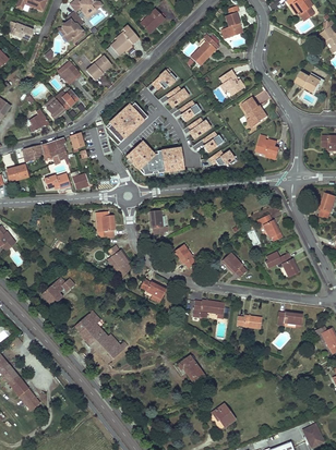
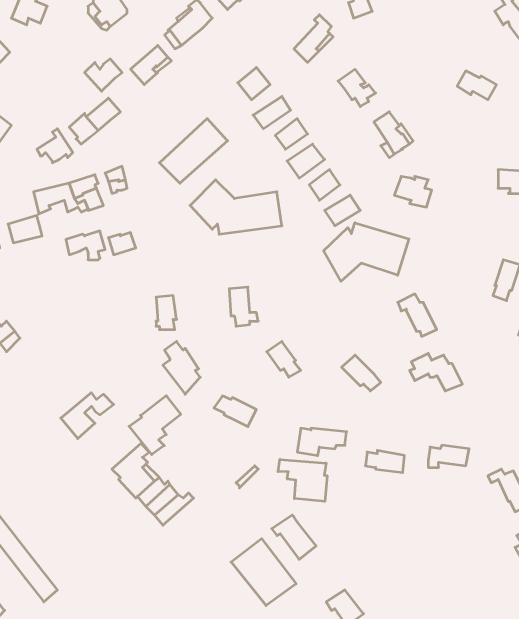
building: none -> [324,223,409,281]
building: none -> [129,396,181,455]
building: none -> [278,459,327,501]
building: none -> [231,539,296,606]

